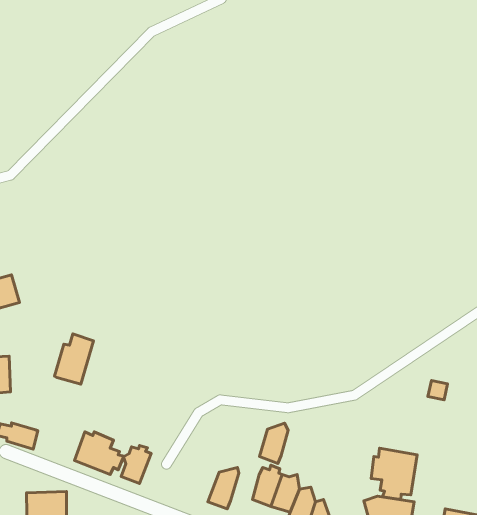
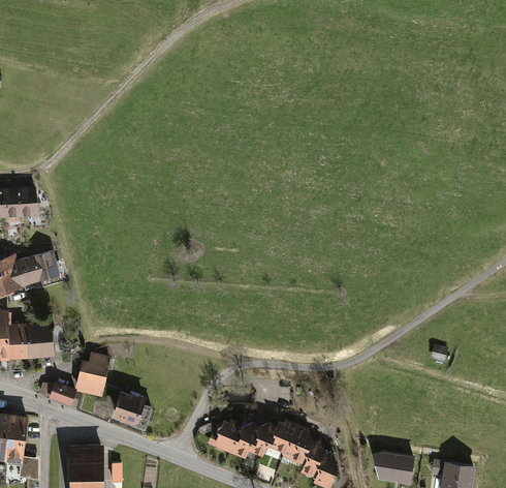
building: [55,334,94,384] -> [75,350,110,396]
building: [259,423,288,463] -> [251,423,277,459]
building: [121,446,151,483] -> [214,420,241,454]
building: [371,448,417,499] -> none

